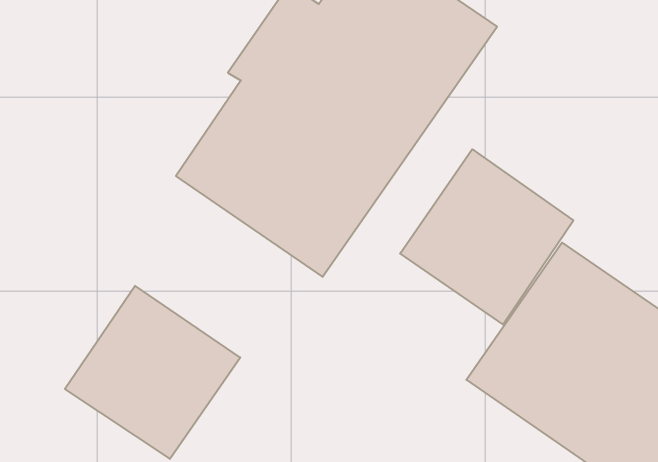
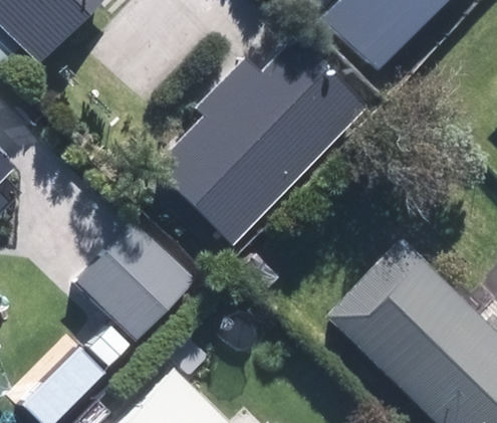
building: [400,149,573,324] -> none

